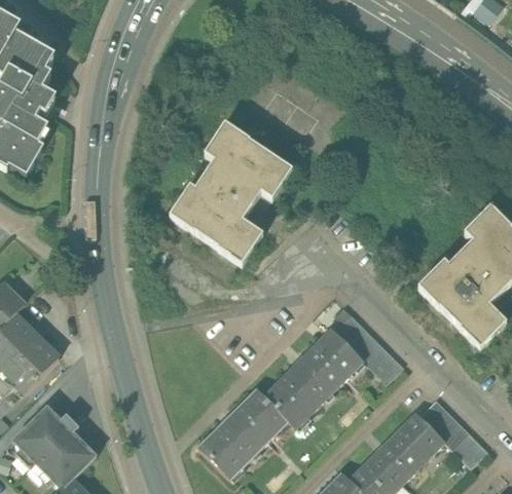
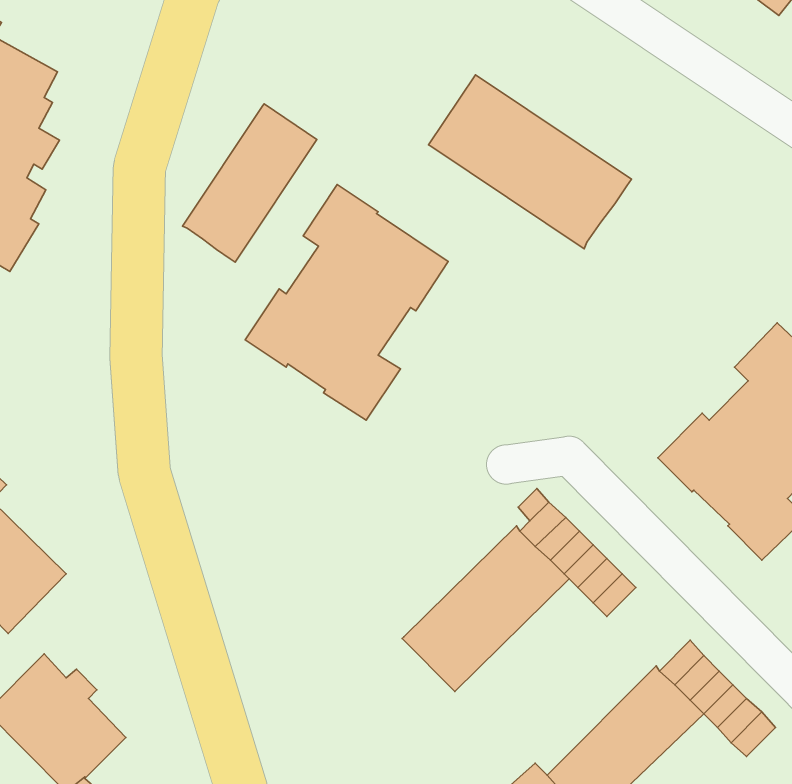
building: none -> [428,75,632,249]
building: none -> [182,104,317,262]
building: [198,387,288,478] -> none

